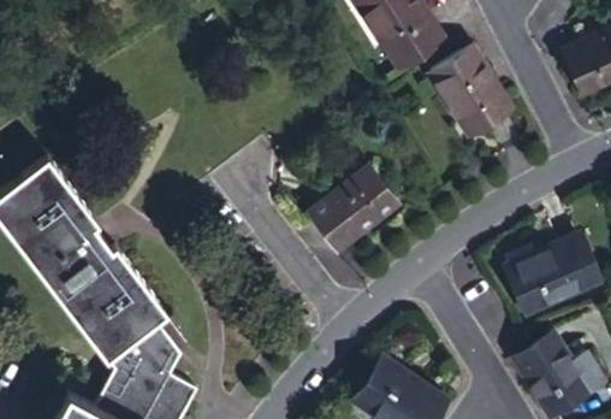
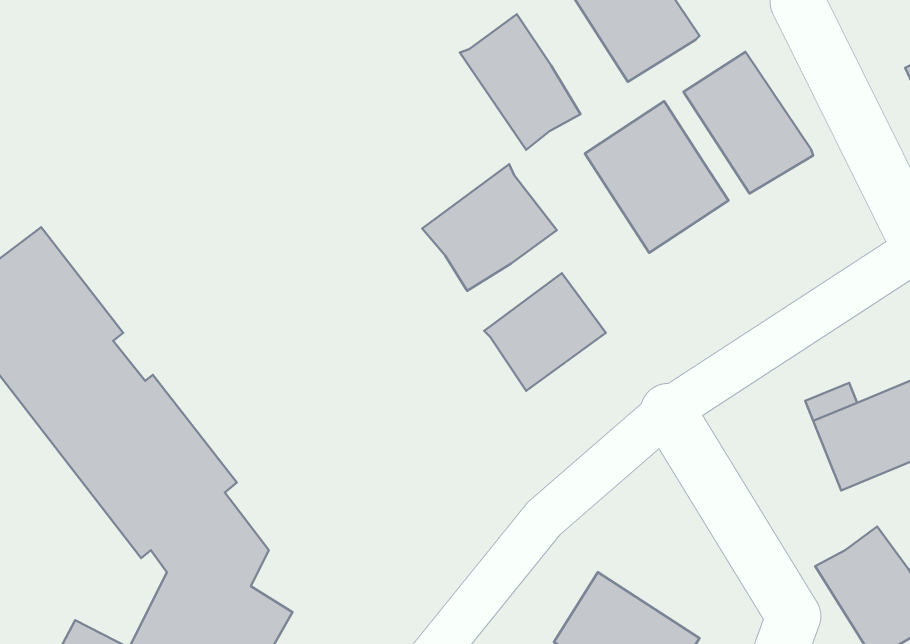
building: none -> [460,14,580,150]
building: none -> [585,101,728,253]
building: none -> [422,164,557,291]

